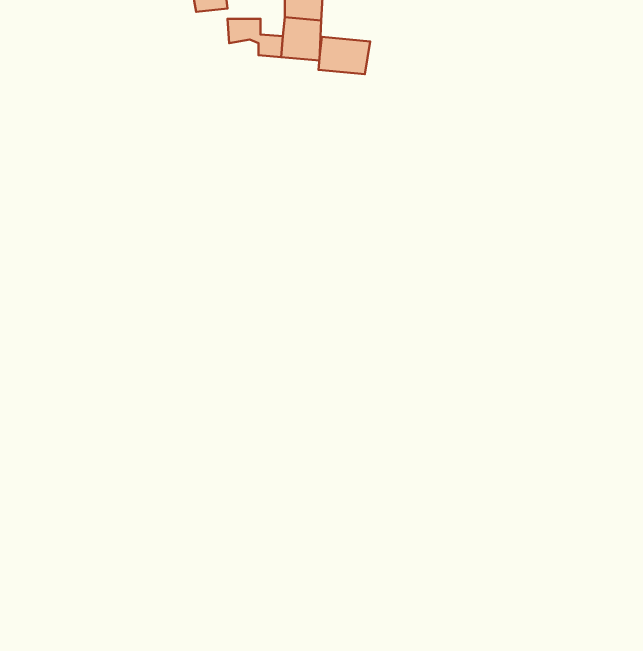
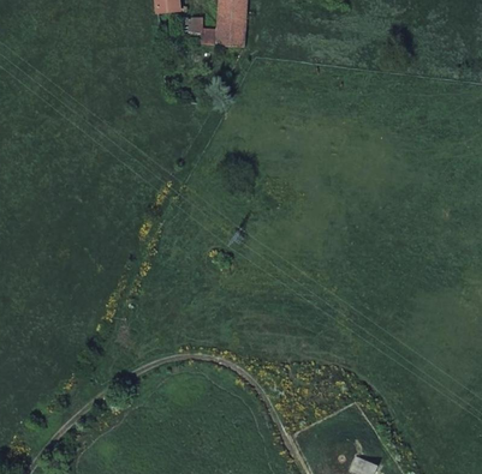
building: [319,37,370,74] -> none

